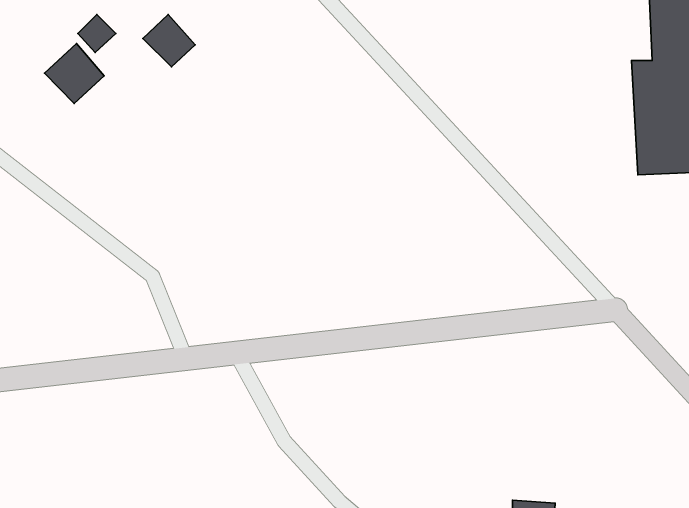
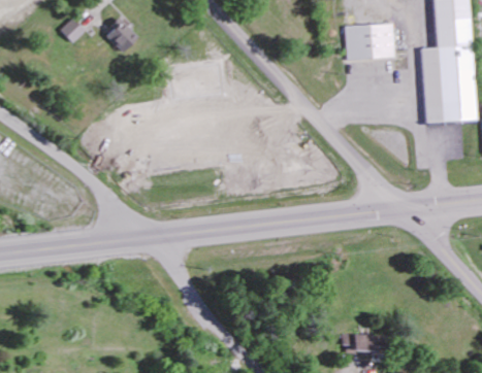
building: none -> [346,24,397,61]
building: [45,44,104,104] -> none

